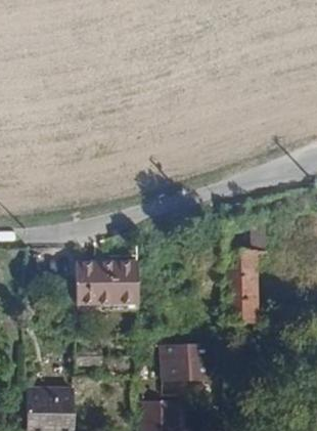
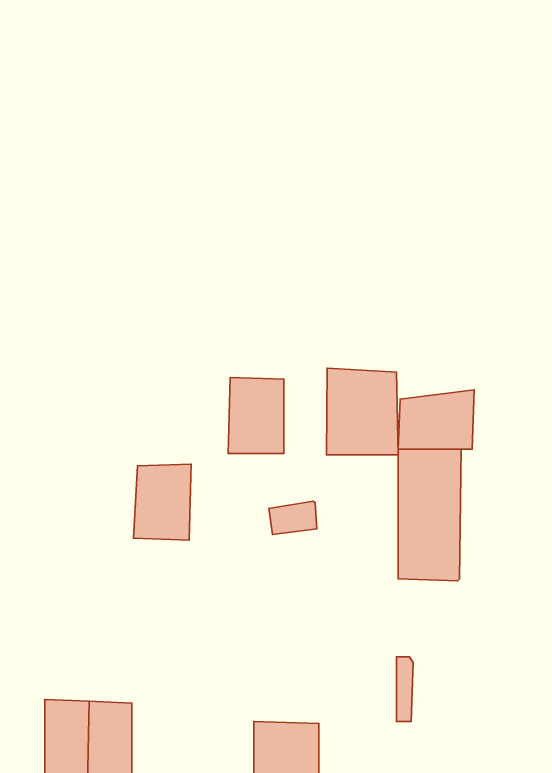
building: none -> [326,368,398,455]
building: [106,259,137,301] -> [228,377,284,453]
building: [161,345,213,382] -> none

